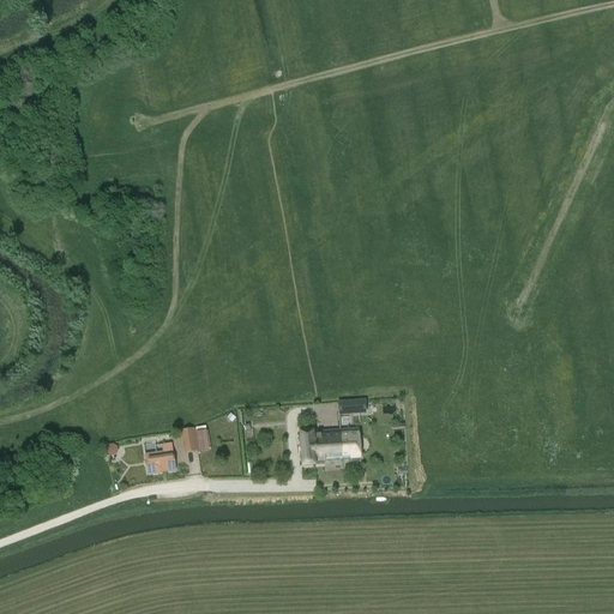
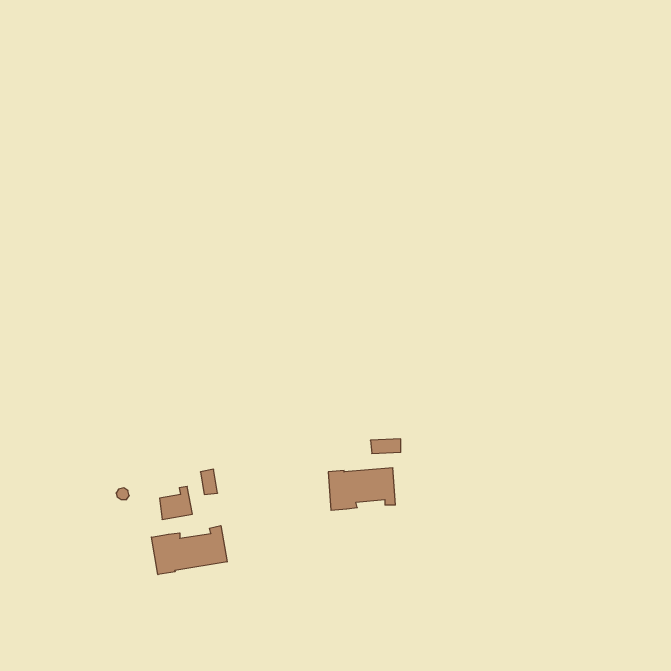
building: none -> [151,526,227,575]

